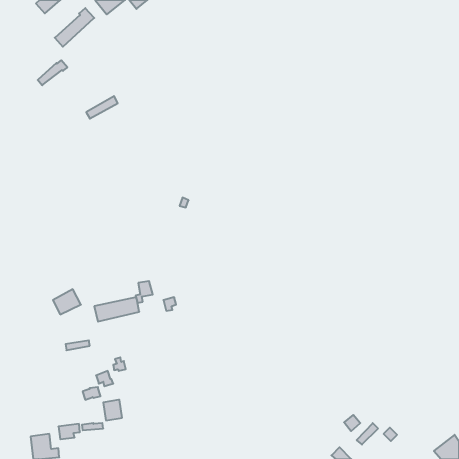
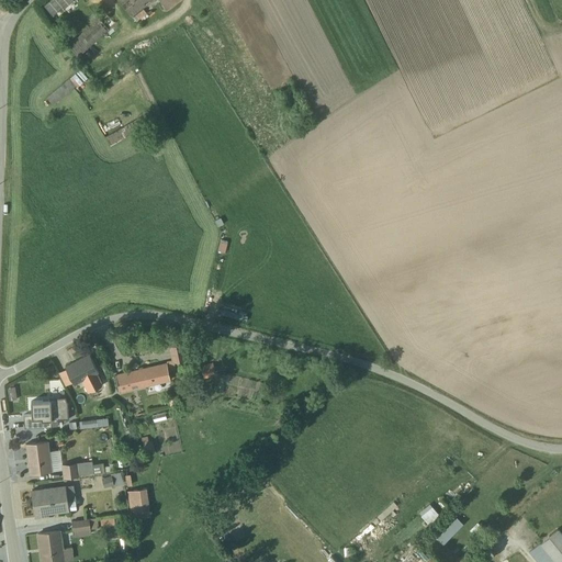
building: none -> [23,398,68,428]
building: none -> [25,441,104,479]
building: none -> [32,485,76,517]

